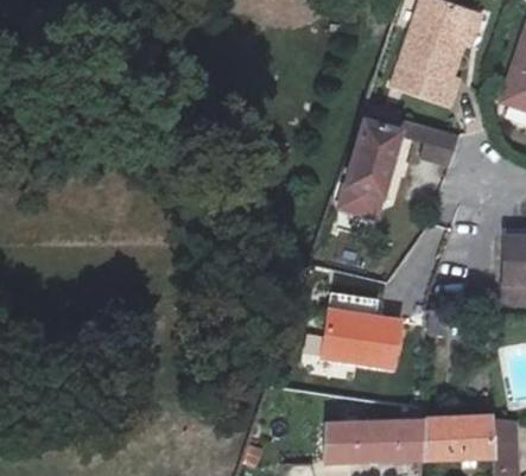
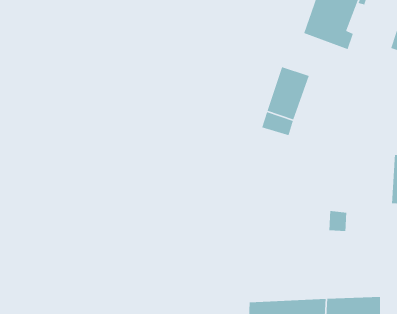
building: [360,108,458,167] -> none
building: [321,312,403,372] -> none

